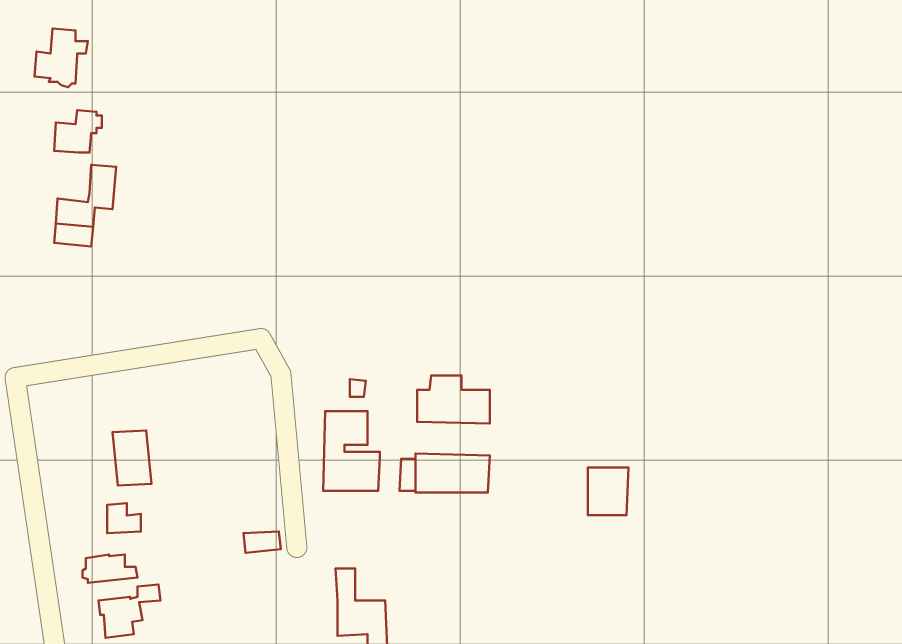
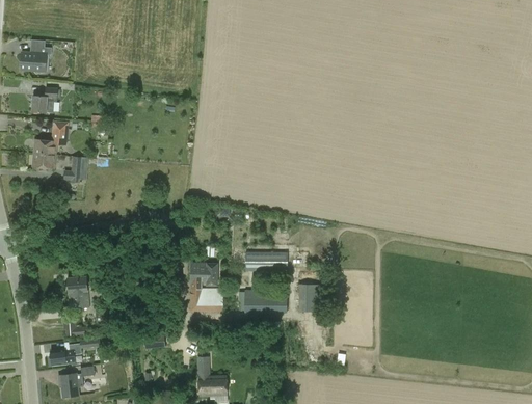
building: none -> [63,156,88,182]
building: [588,467,628,515] -> [299,284,323,312]

